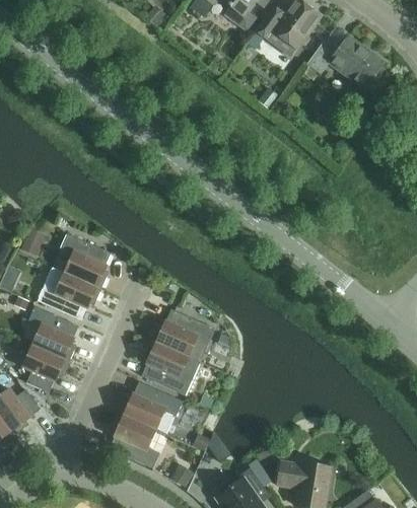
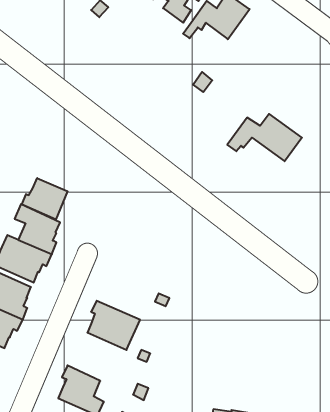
building: [302,37,386,89] -> [227,114,302,161]
building: none -> [22,178,68,219]
building: [151,308,215,361] -> none
building: [119,381,183,429] -> none

